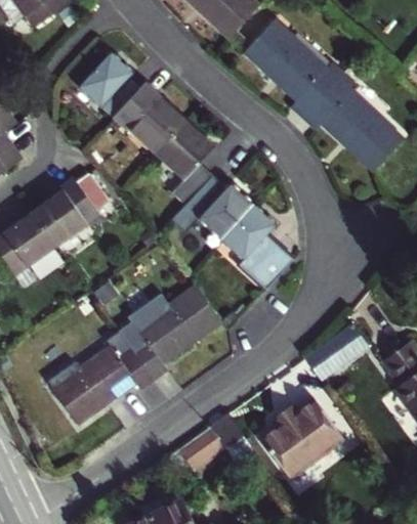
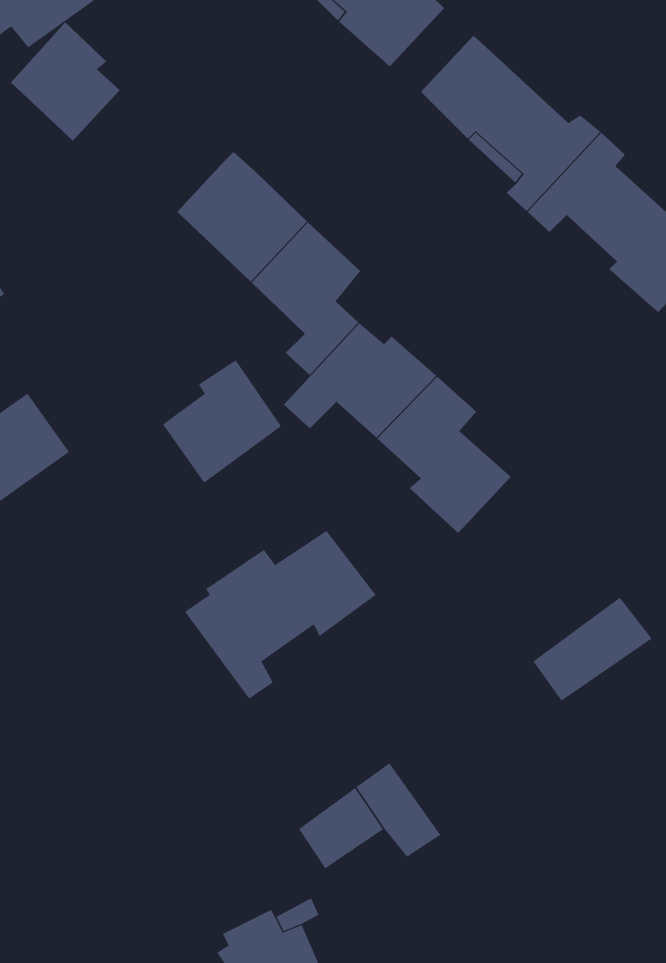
building: [80,51,139,116] -> [10,22,120,142]
building: [34,178,98,245] -> [162,360,282,483]
building: [51,331,153,424] -> none
building: [260,396,343,476] -> none

